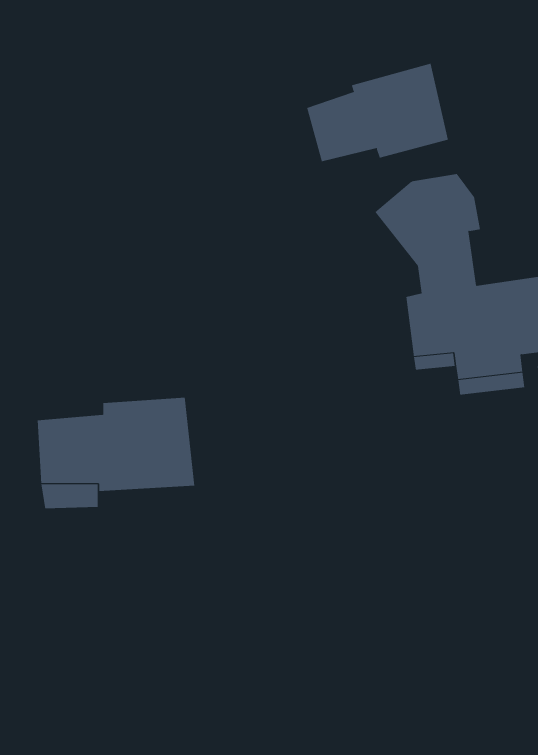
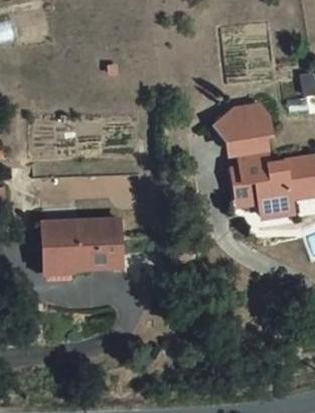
building: [306,63,448,162] -> none

